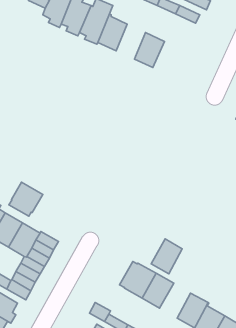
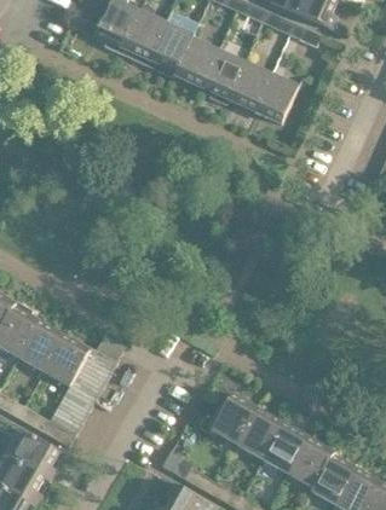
building: none -> [200,48,242,104]
building: none -> [253,74,296,123]
building: [9,182,43,216] -> none
building: [151,239,182,274] -> [263,423,307,474]

